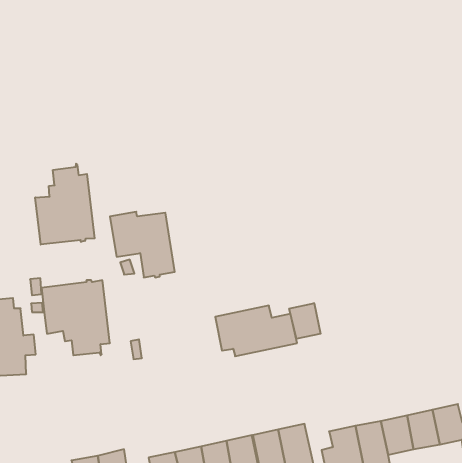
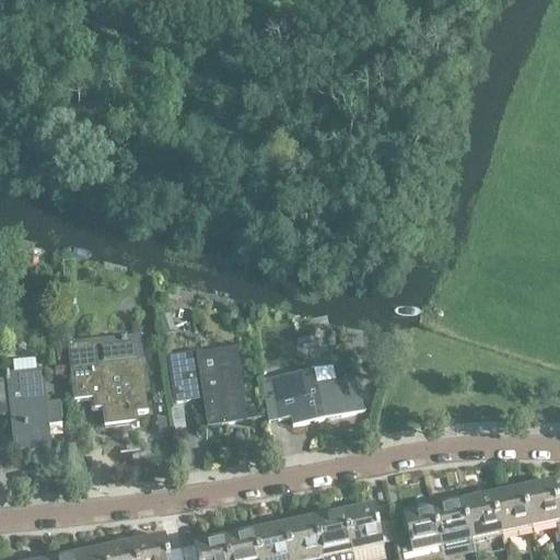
building: [35,164,95,245] -> none
building: [110,212,175,277] -> [170,347,245,423]
building: [289,303,321,339] -> none

